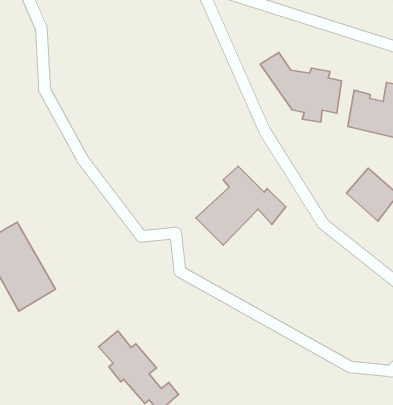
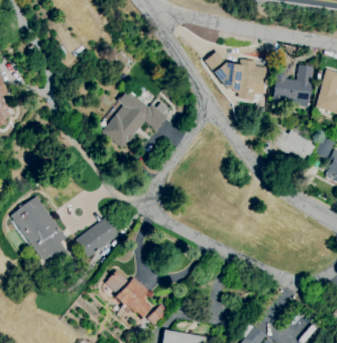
building: [196,166,286,245] -> [101,90,166,149]
building: none -> [75,218,119,257]

